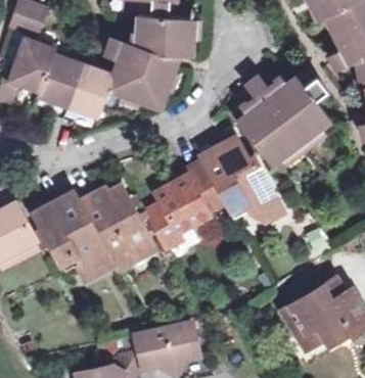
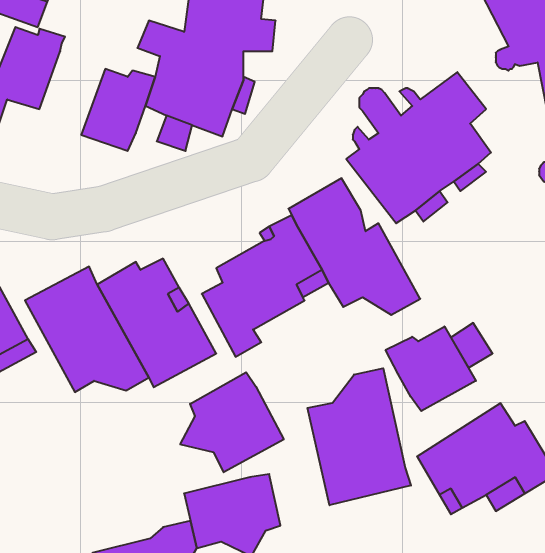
building: [40,49,84,107] -> none
building: none -> [386,326,476,411]
building: none -> [307,368,411,505]
building: none -> [180,372,284,472]

